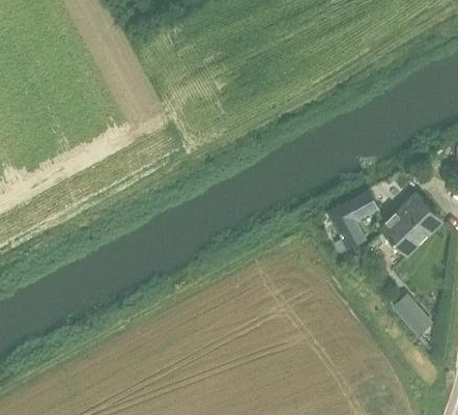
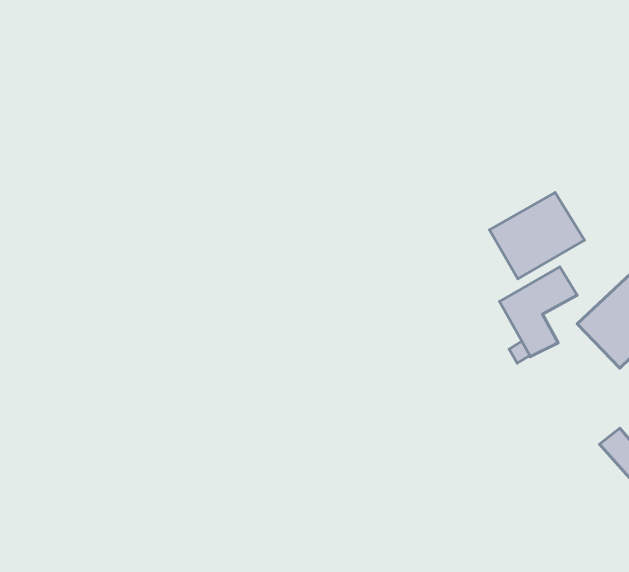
building: none -> [490,193,584,279]

